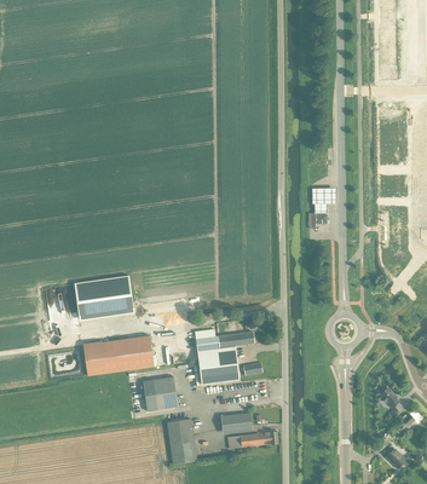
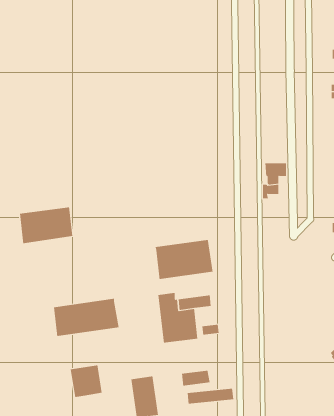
building: none -> [155,239,213,280]
building: [75,277,133,317] -> [19,207,73,244]
building: [143,378,178,413] -> [70,365,103,397]

